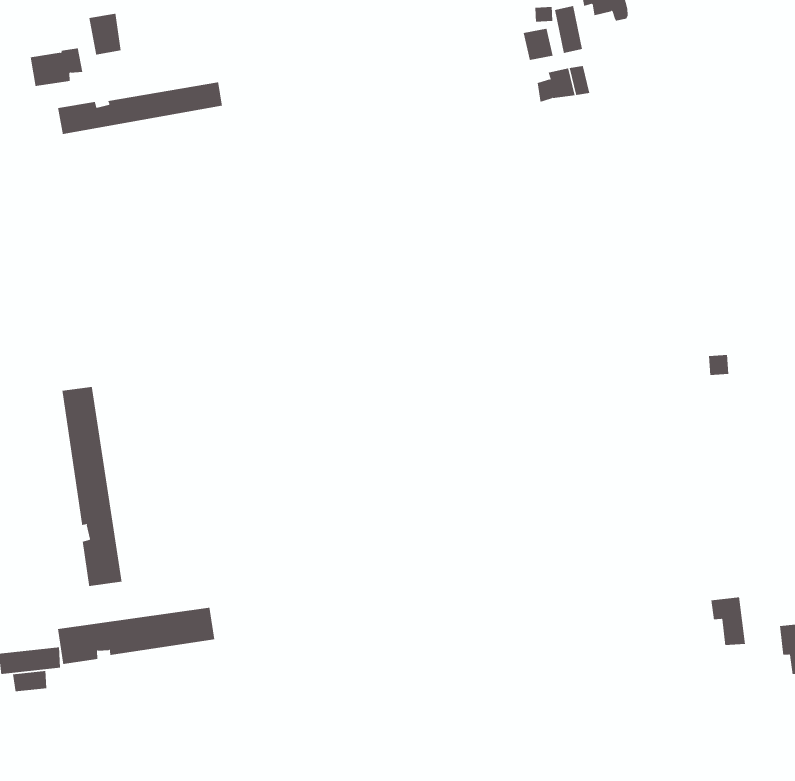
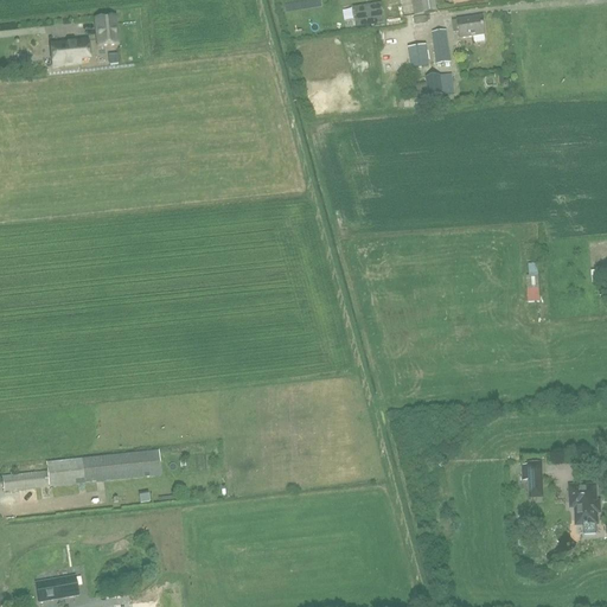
building: [58,81,222,135] -> none
building: [62,386,122,587] -> none

